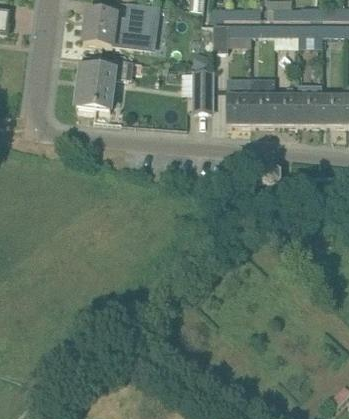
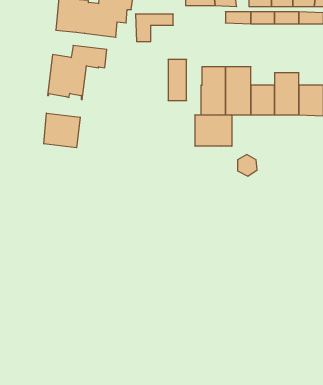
building: [213,24,250,51] -> [135,14,173,42]
building: none -> [44,113,80,148]
building: none -> [195,115,232,146]

